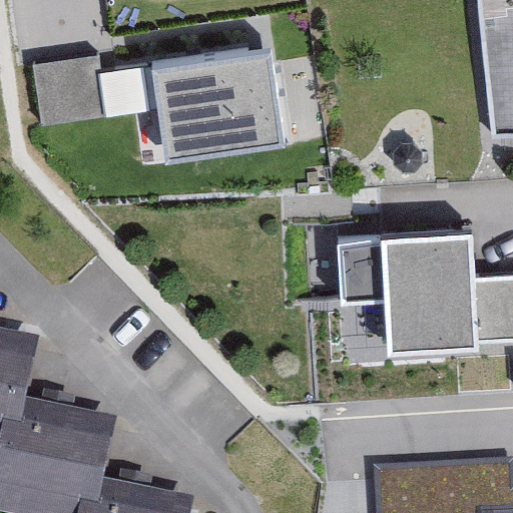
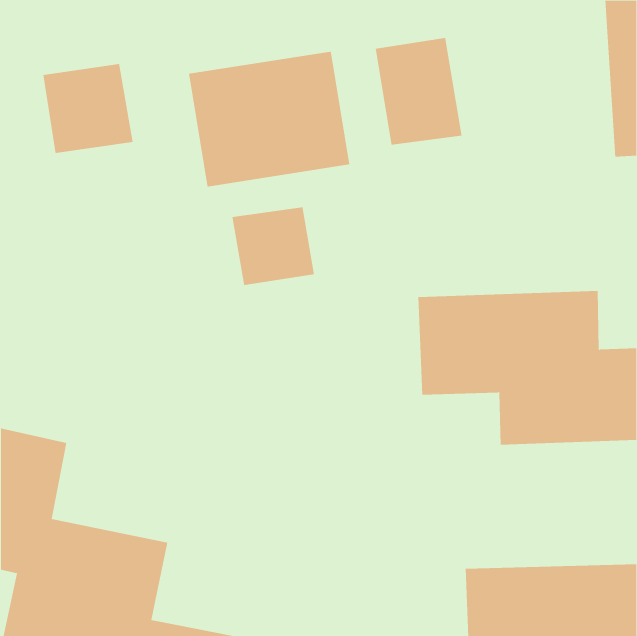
building: none -> [375,37,462,146]
building: none -> [232,206,314,286]

